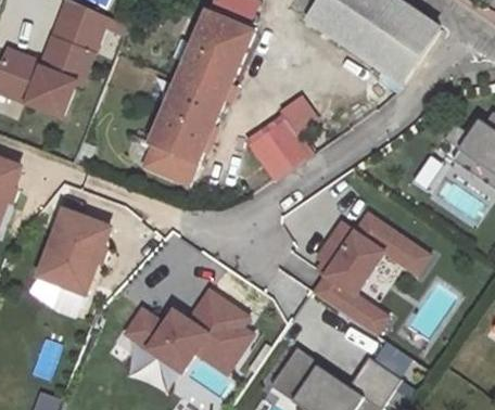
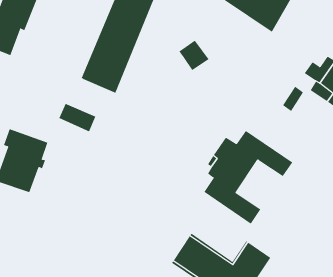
building: [248,117,308,177] -> none
building: [147,145,195,183] -> [59,103,96,132]
building: [125,289,253,372] -> none

